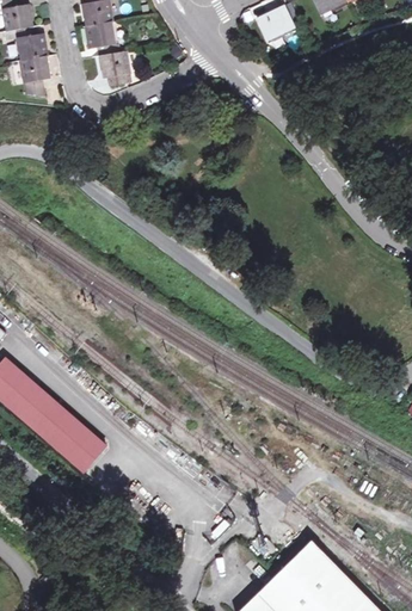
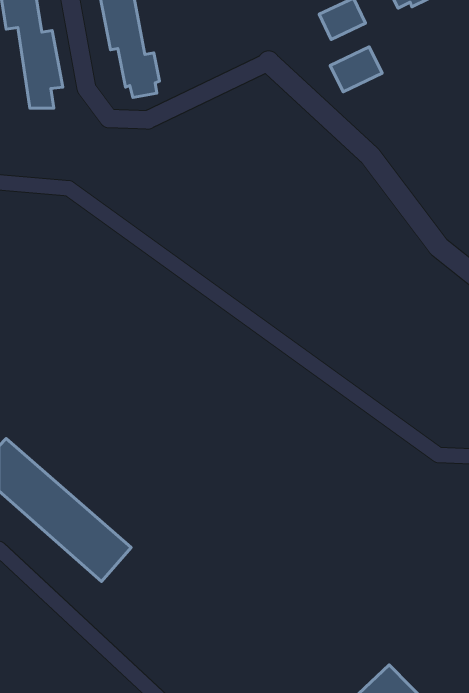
building: none -> [330,47,382,92]

